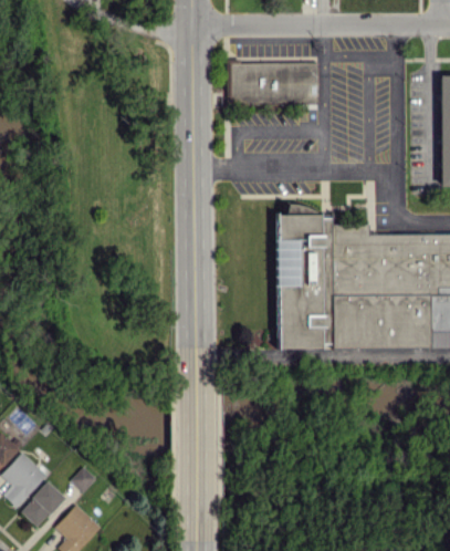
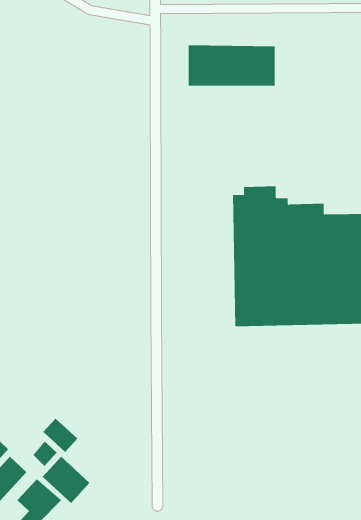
building: none -> [43,418,78,453]
building: none -> [42,456,90,504]

